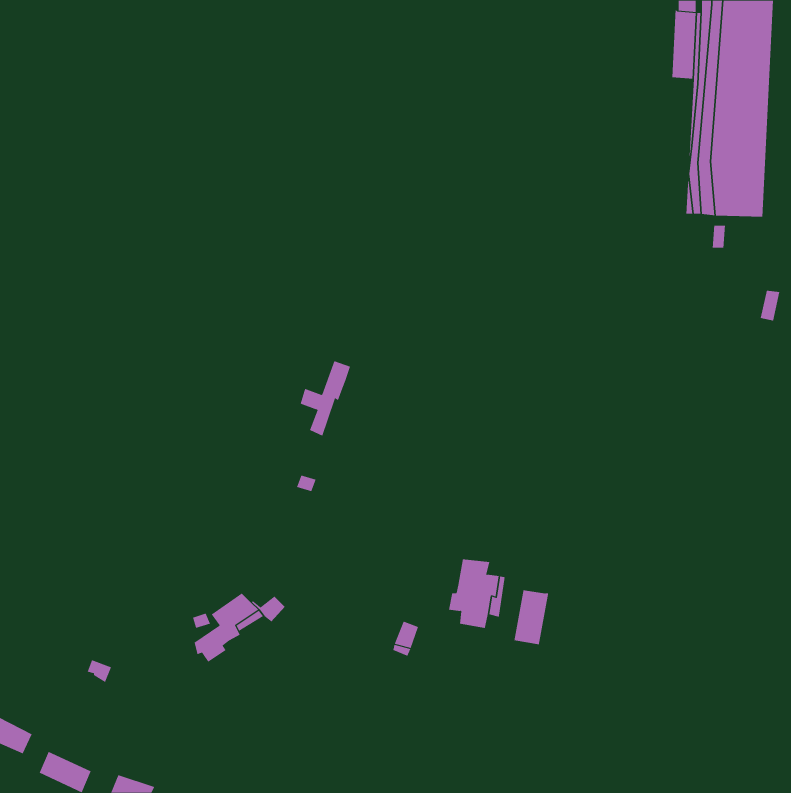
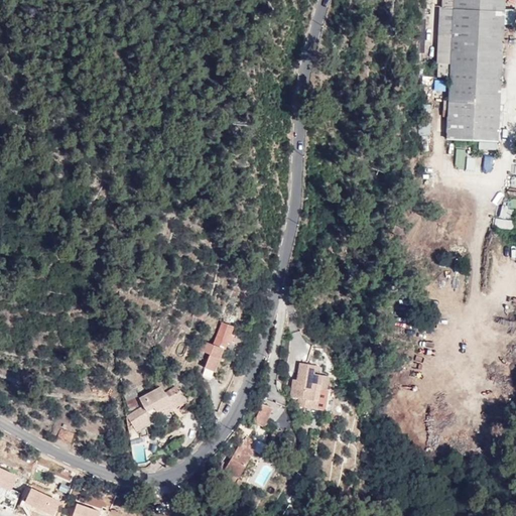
building: [300,360,351,436] -> [200,322,233,372]
building: [514,589,549,645] -> none
building: none -> [226,437,253,477]

